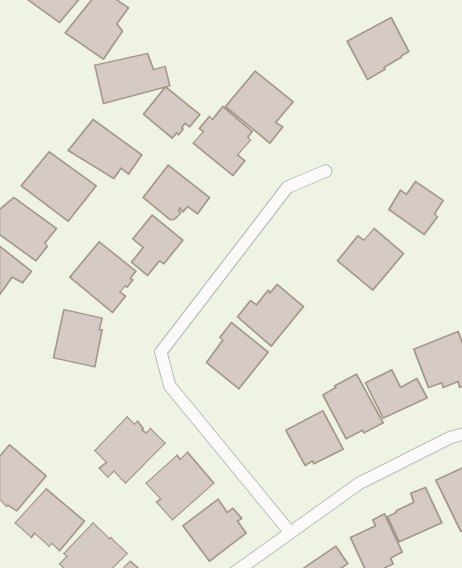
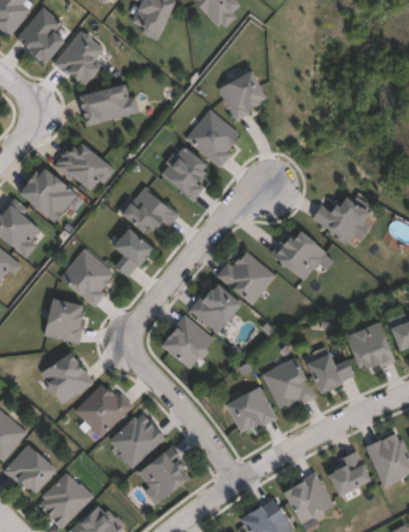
building: [347,18,409,79] -> [216,68,267,118]
building: [144,87,200,138] -> none
building: none -> [222,250,282,303]
building: none -> [52,357,104,409]

